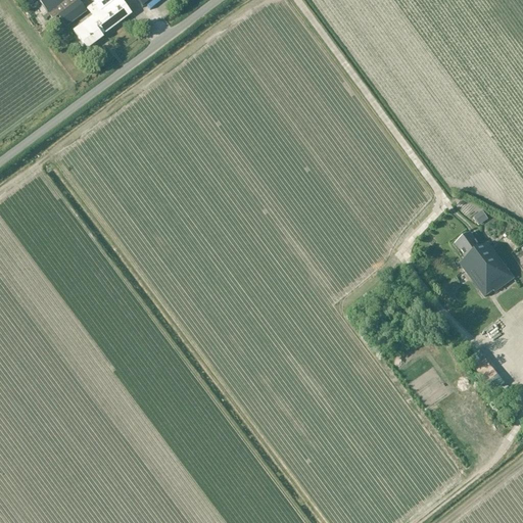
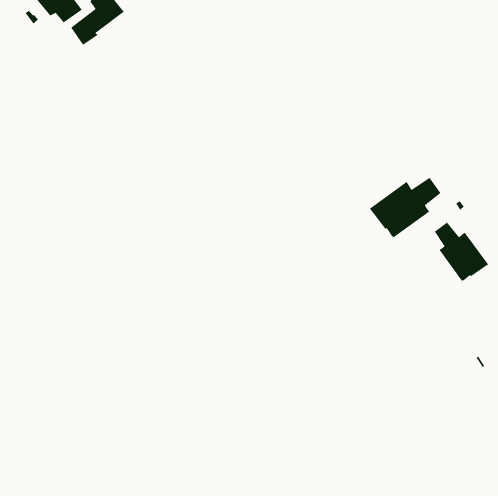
building: none -> [369,177,442,239]

